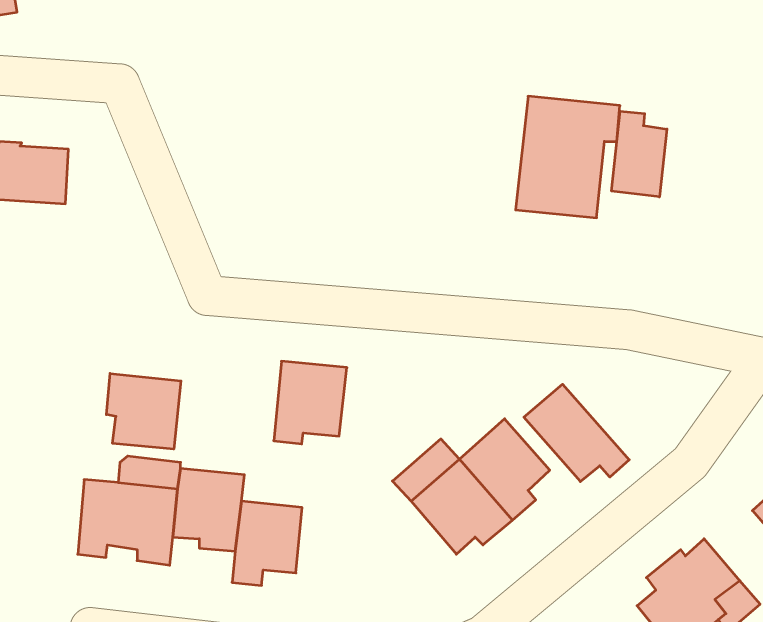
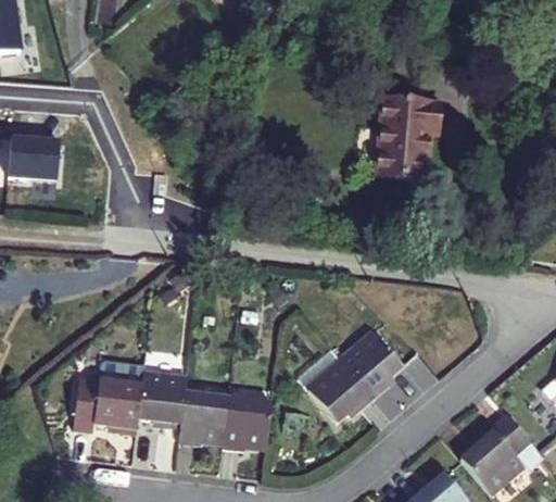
building: [612,111,667,197] -> none
building: [274,361,347,444] -> [222,392,273,450]
building: [106,373,181,449] -> none
building: [524,384,629,482] -> none

